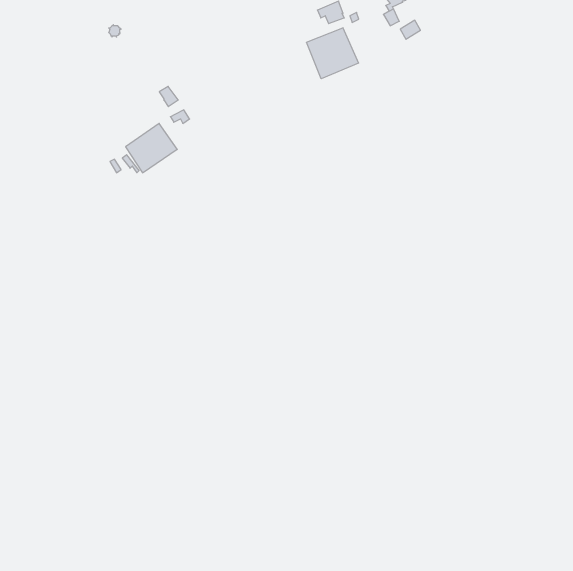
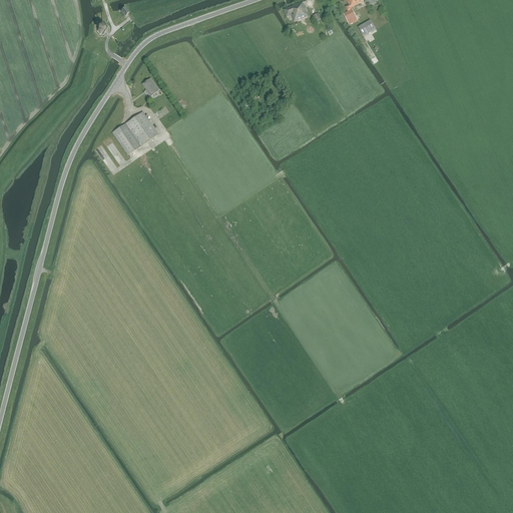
building: [306,28,358,79] -> none

